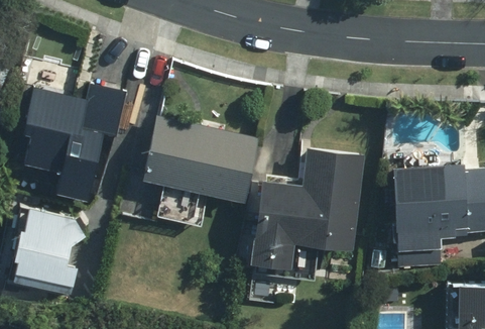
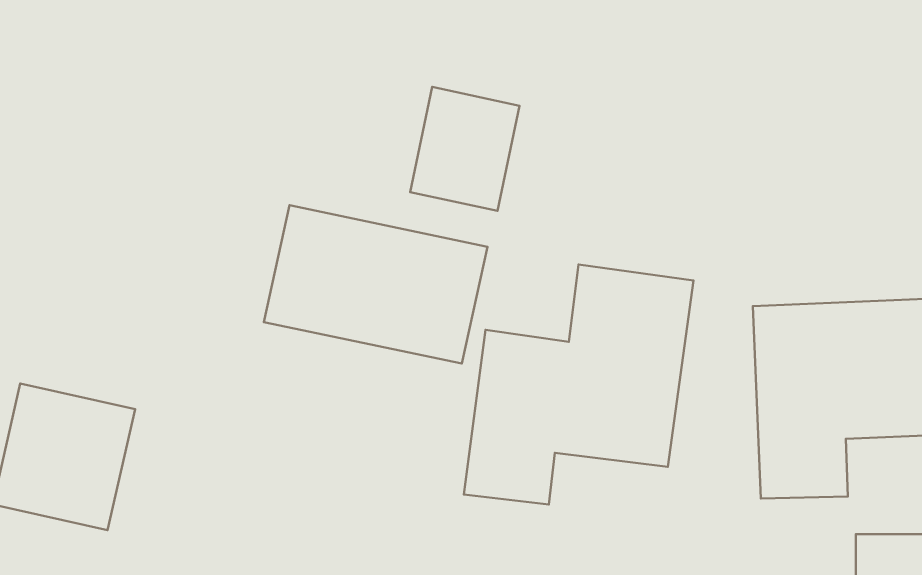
building: none -> [410,87,520,211]
building: [20,89,130,202] -> none

